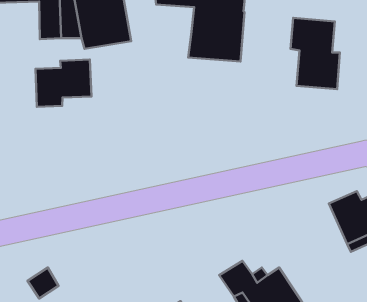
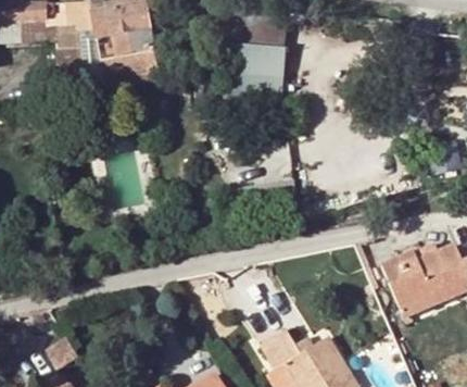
building: [290,18,340,89] -> none
building: [36,60,91,107] -> none

